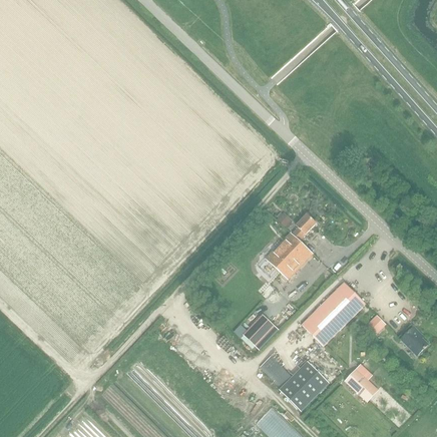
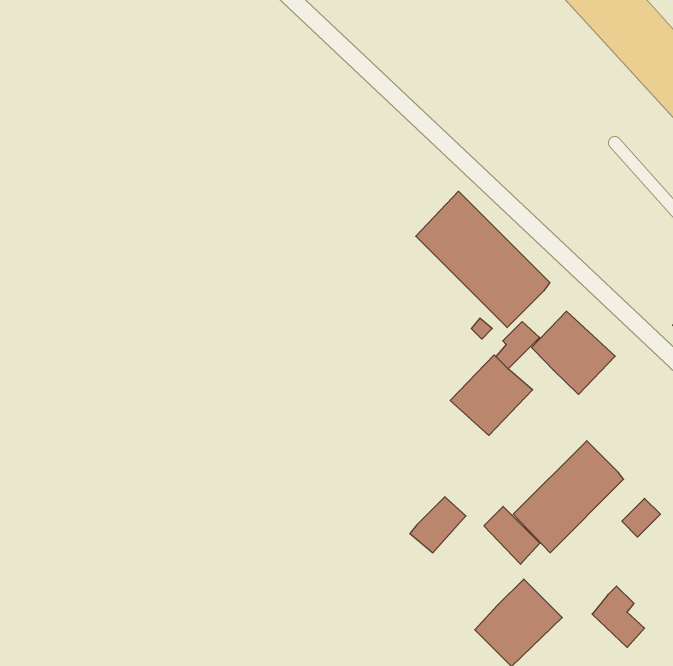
building: none -> [416,191,550,328]
building: none -> [532,311,615,394]
building: [261,355,293,388] -> [484,506,540,564]

